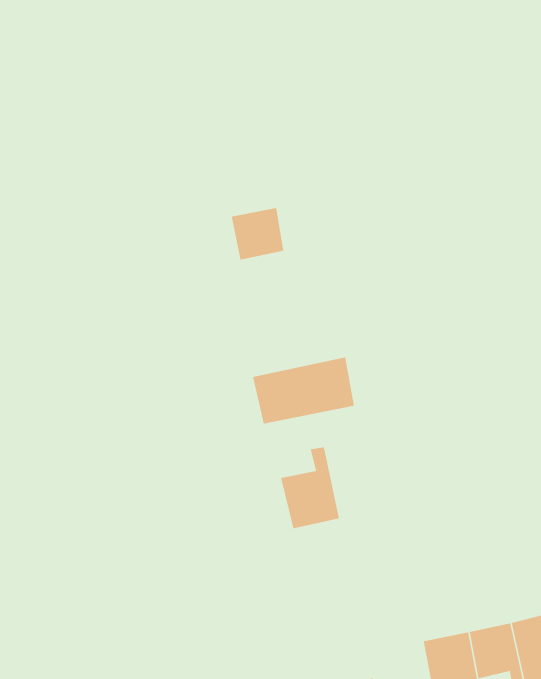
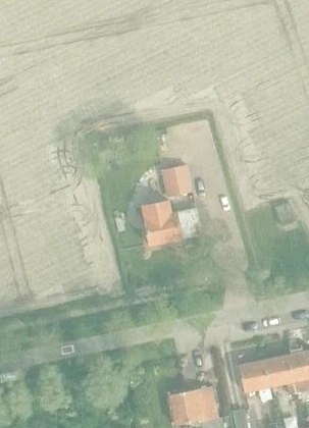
building: [231,207,284,260] -> [162,167,192,197]
building: [280,447,340,529] -> none

